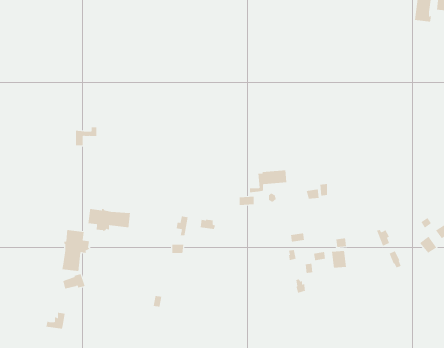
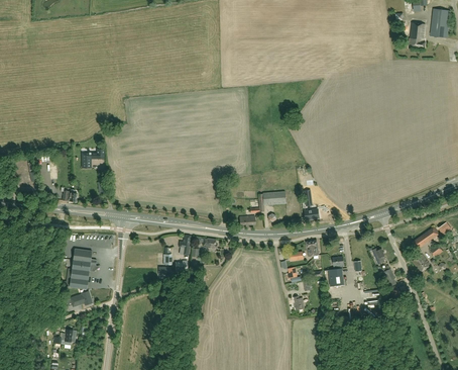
building: [88,208,131,232] -> none

